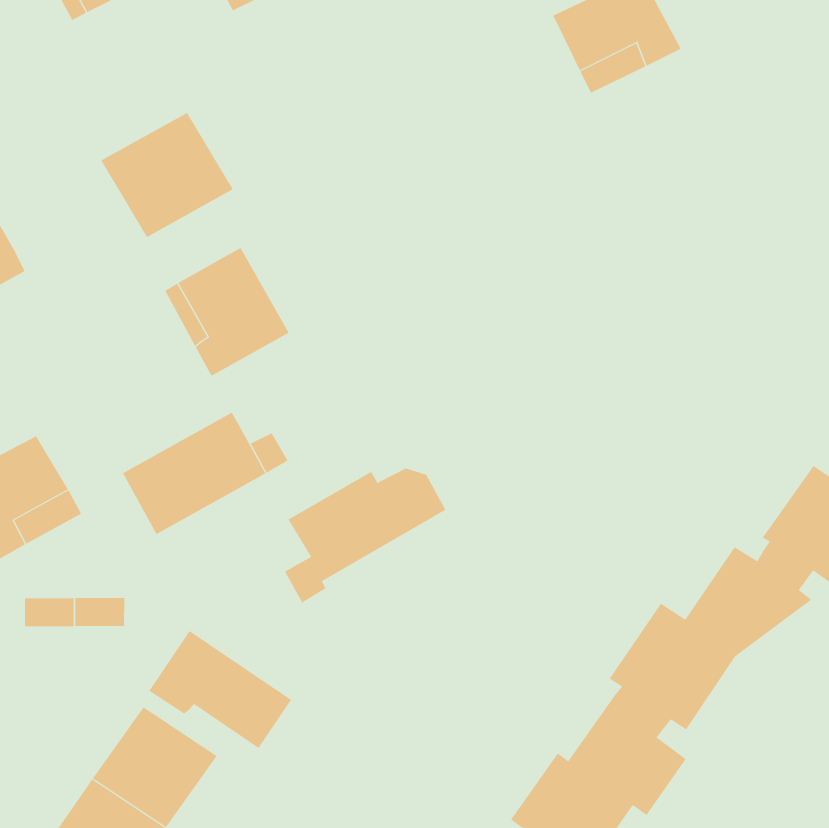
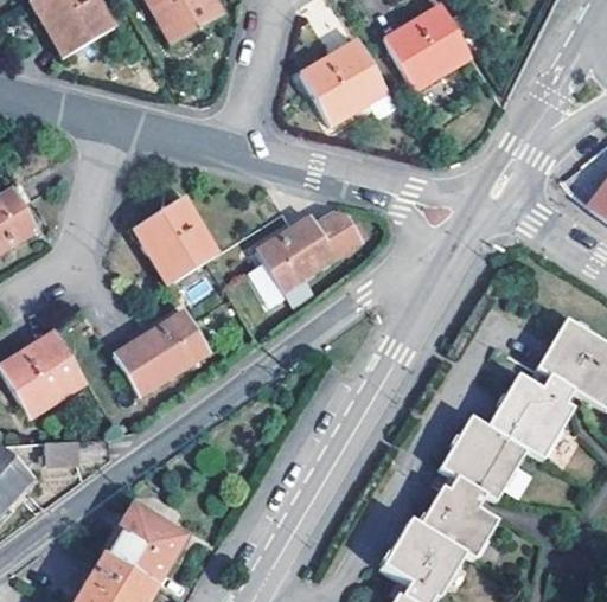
building: none -> [298,37,390,119]
building: [101,112,233,238] -> none
building: [284,468,446,603] -> [254,214,358,308]
building: [149,630,292,749] -> none

